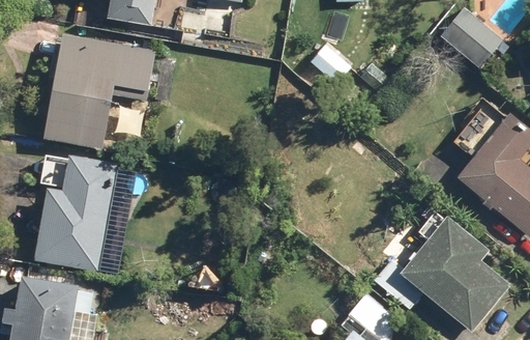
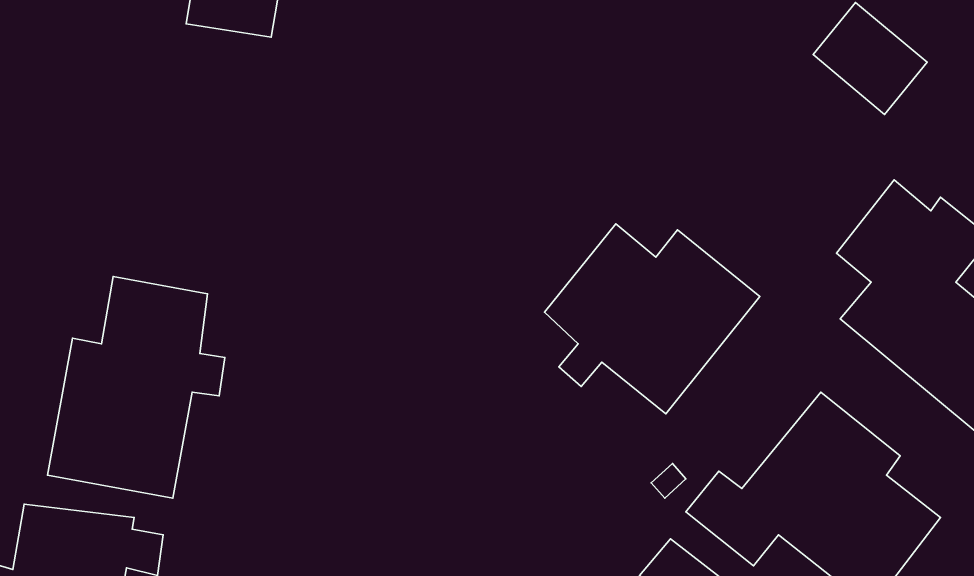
building: [40,33,155,150] -> none
building: none -> [545,224,760,414]

